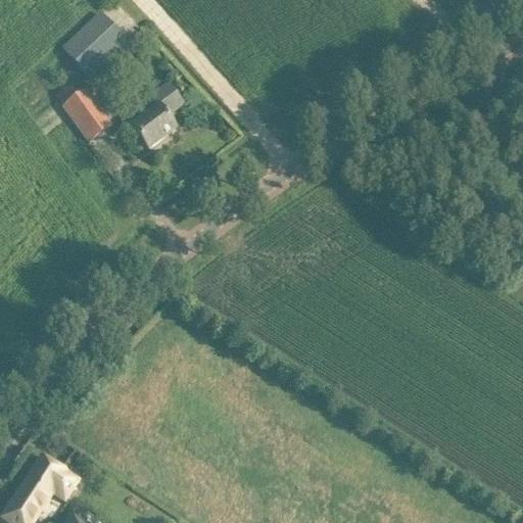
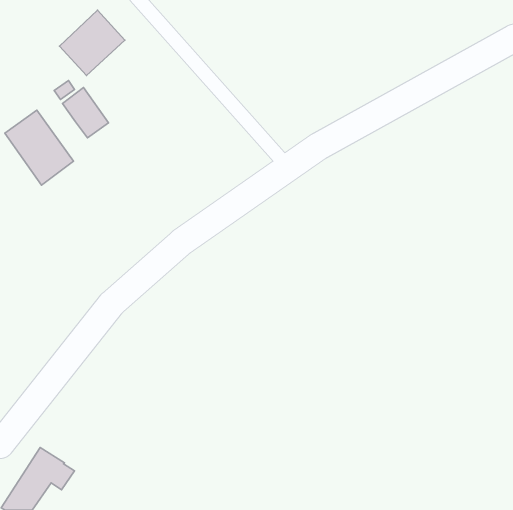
building: [132,83,183,148] -> none
building: none -> [5,110,74,185]

